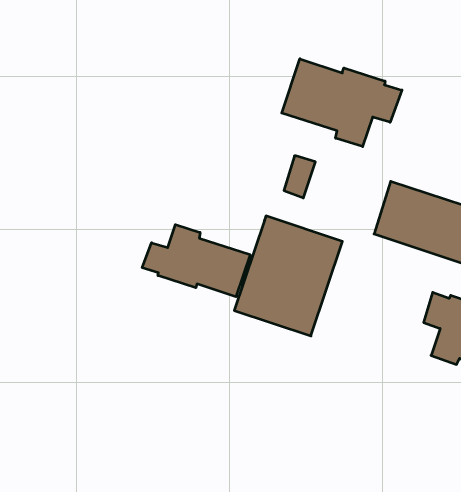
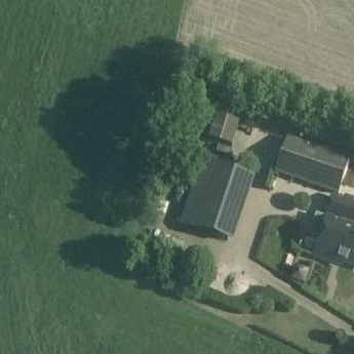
building: [282,59,402,147] -> none
building: [142,225,250,297] -> none

